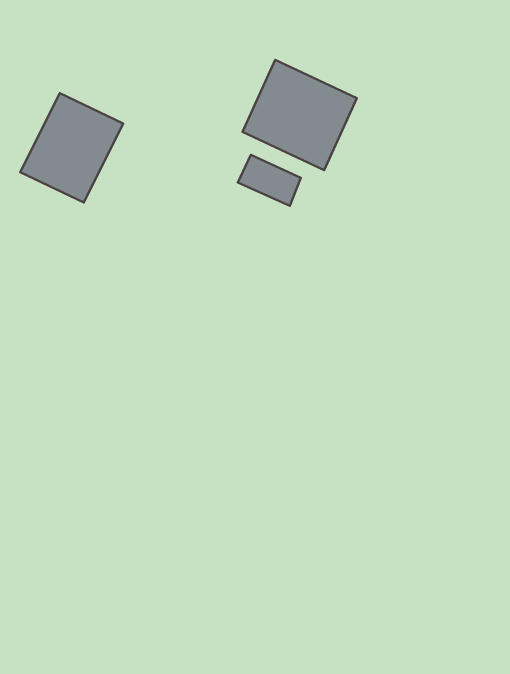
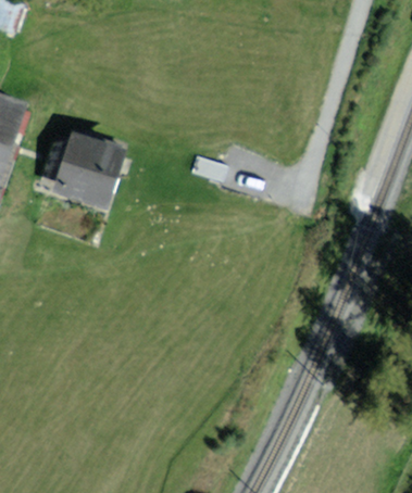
building: [243,60,357,170] -> none

